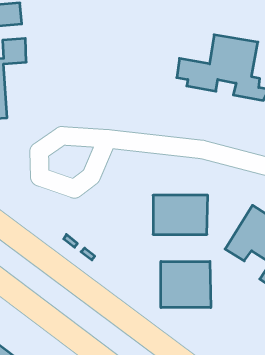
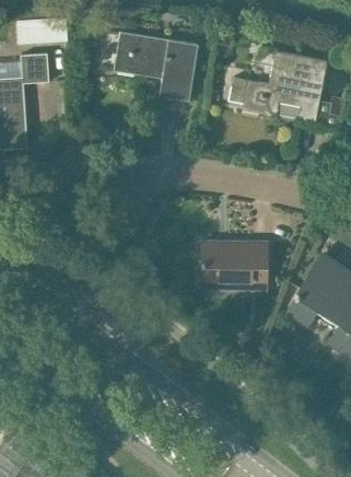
building: none -> [113,33,197,101]
building: [161,261,211,308] -> none

